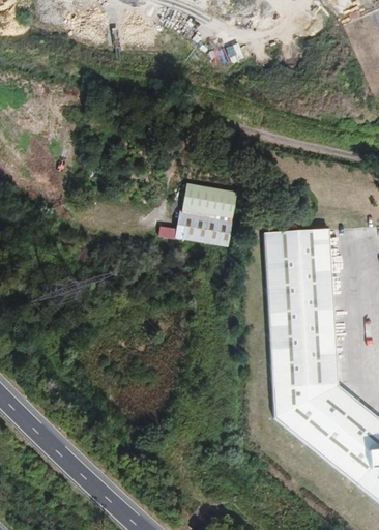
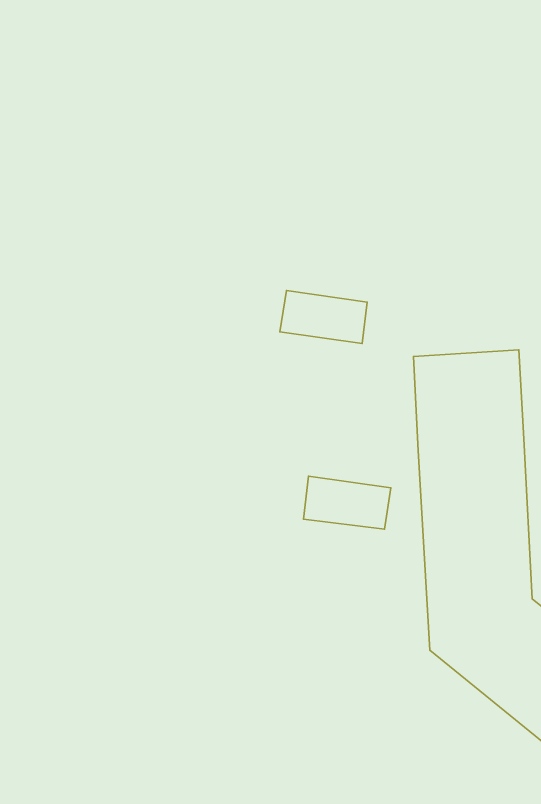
building: [176,217,231,251] -> [304,476,391,529]

